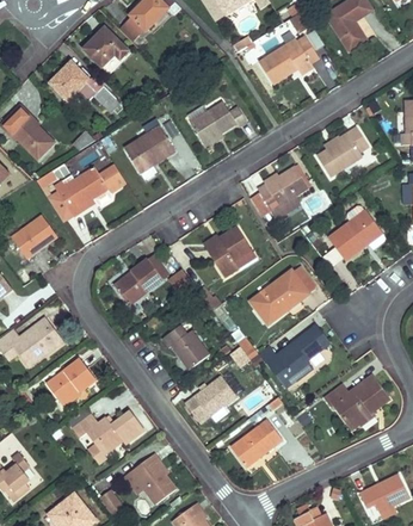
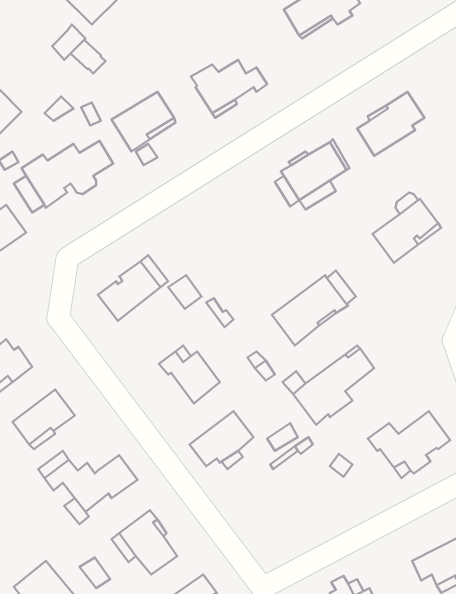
building: [49,62,90,100] -> none
building: [204,227,258,277] -> none
building: [230,419,282,466] -> none

